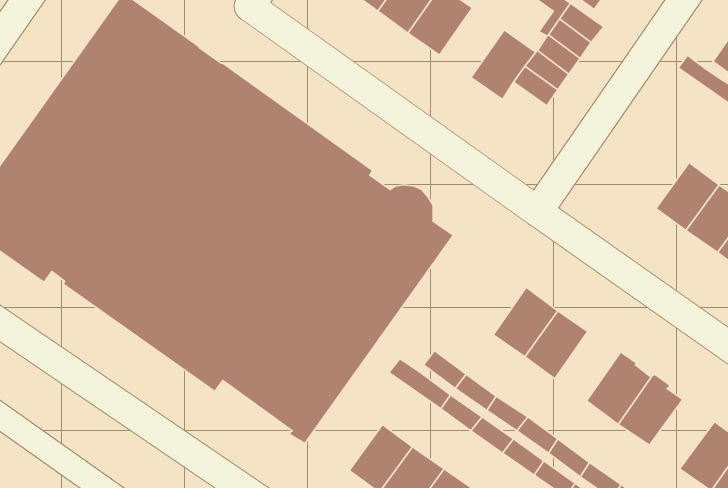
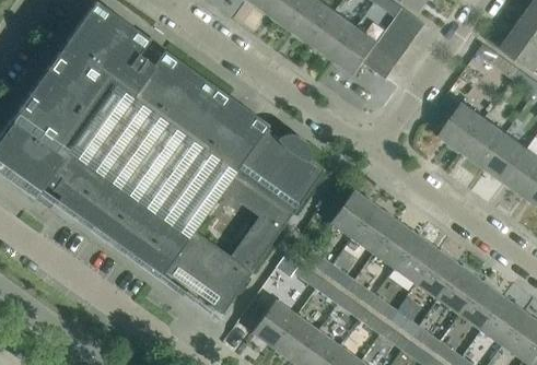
building: none -> [312,11,357,59]
building: none -> [439,102,485,152]
building: none -> [327,189,372,237]
building: none -> [392,233,436,283]
building: none -> [457,280,502,330]

